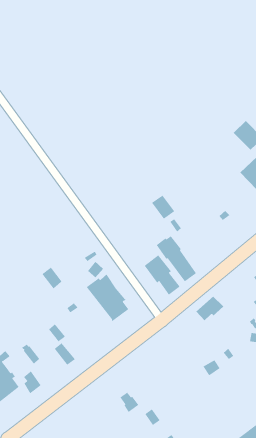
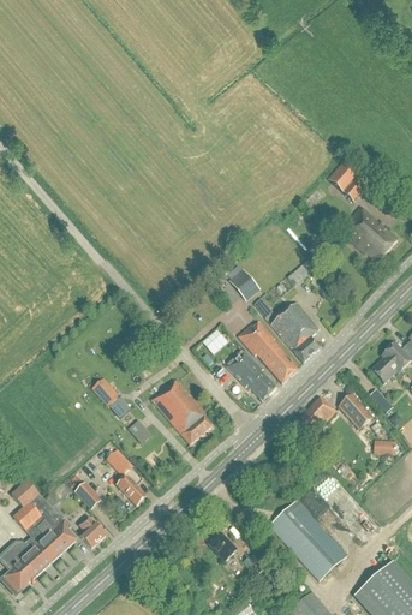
building: none -> [271,301,320,360]
building: none -> [338,392,372,429]
building: none -> [268,498,346,579]

